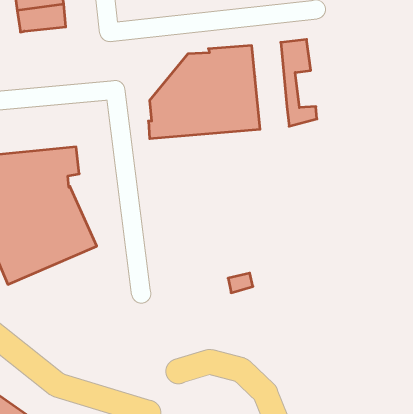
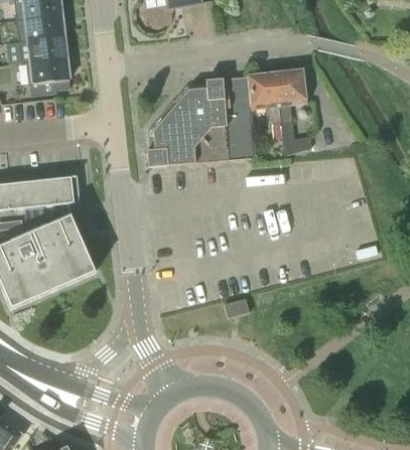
building: none -> [26,58,71,96]
building: none -> [248,73,282,137]

